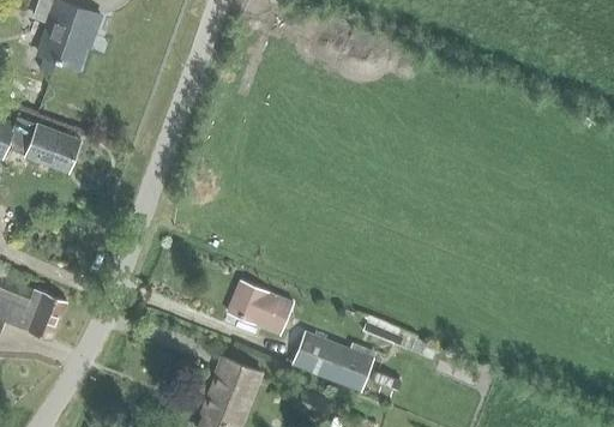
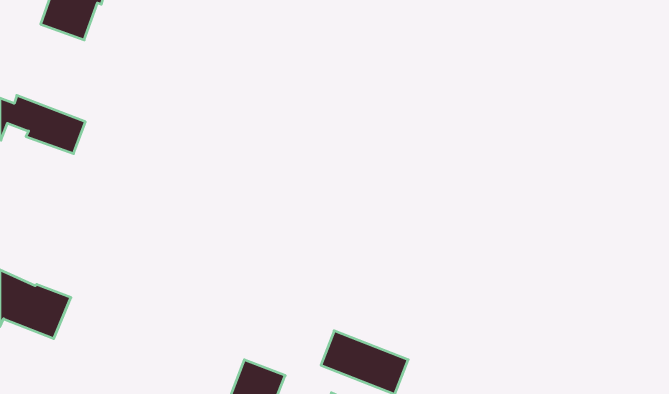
building: [228,281,293,333] -> none

